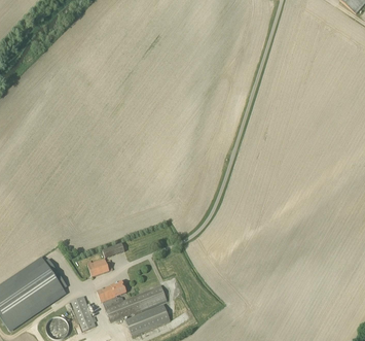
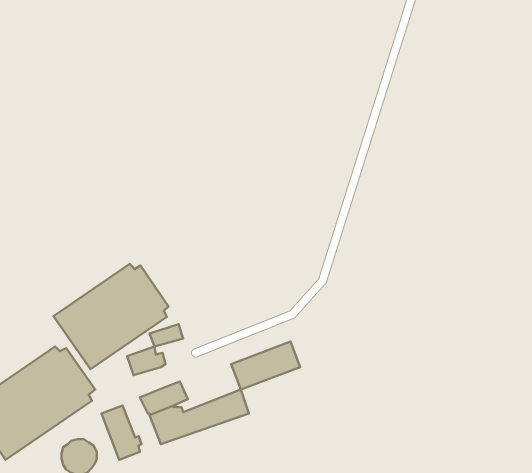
building: none -> [54,264,169,369]
building: [126,304,171,335] -> [231,342,300,390]

